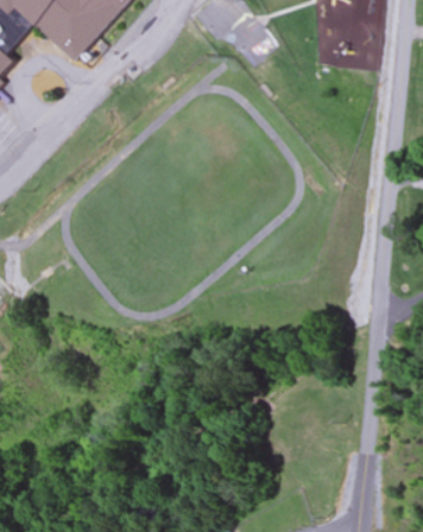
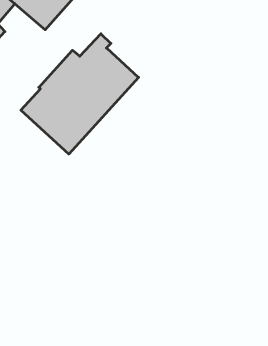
building: none -> [21,34,139,154]

